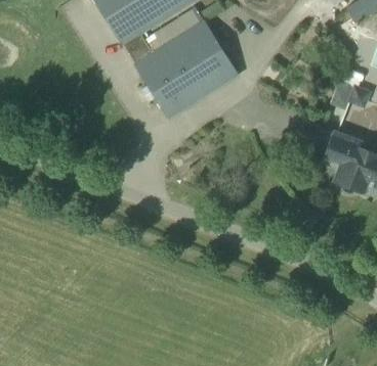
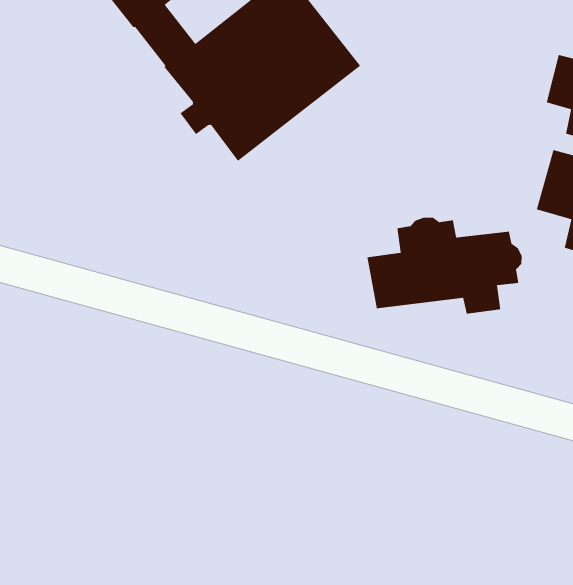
building: none -> [366,217,522,314]

